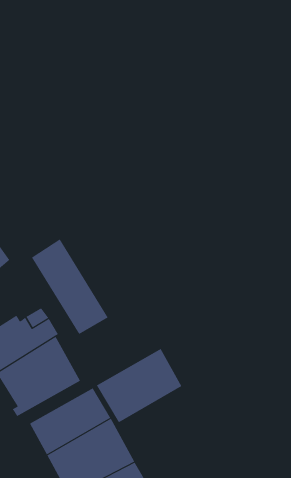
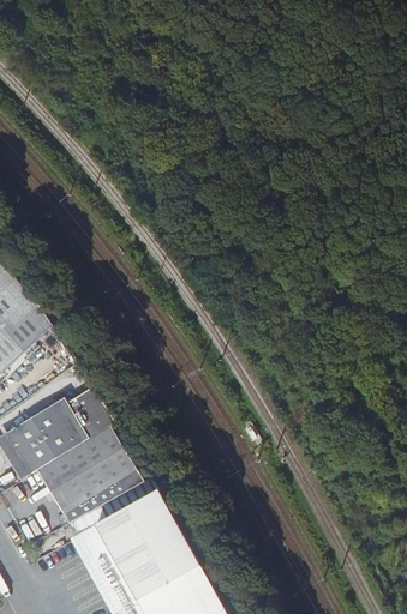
building: [31,238,108,335] -> none
building: [96,348,182,423] -> none

